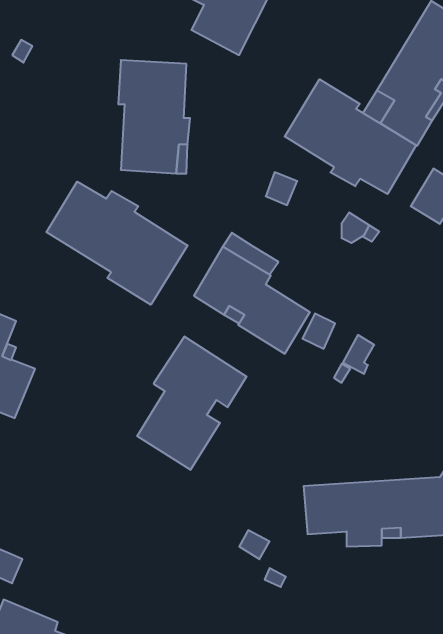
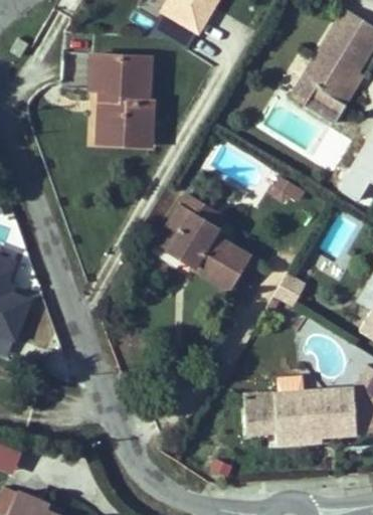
building: [285,79,416,194] -> none
building: [46,182,188,305] -> none
building: [137,336,247,470] -> none

